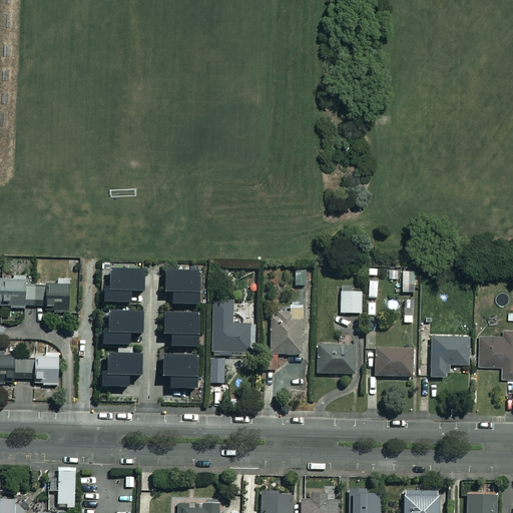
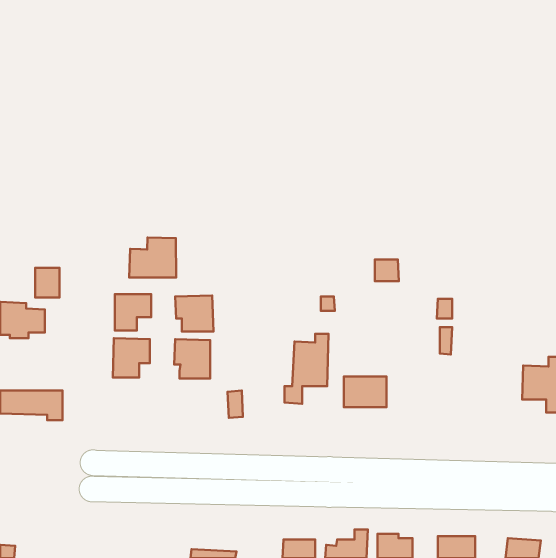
building: none -> [129,237,176,278]
building: [52,287,74,314] -> [35,268,59,297]
building: [342,293,364,313] -> [375,259,399,281]
building: [213,299,251,356] -> none
building: [430,337,469,378] -> none
building: [375,348,413,377] -> none
building: [105,353,139,388] -> none
building: [161,354,195,386] -> none
building: [59,468,77,507] -> none

